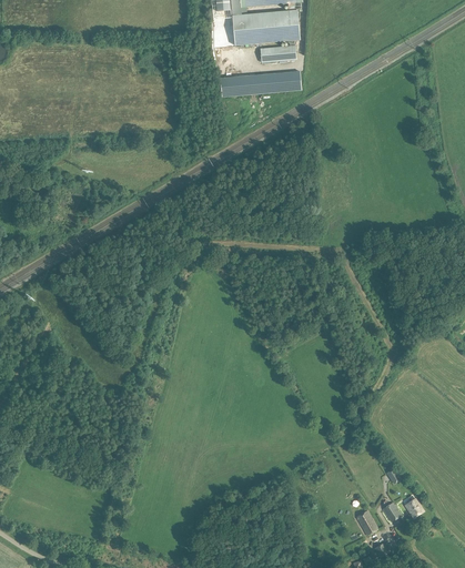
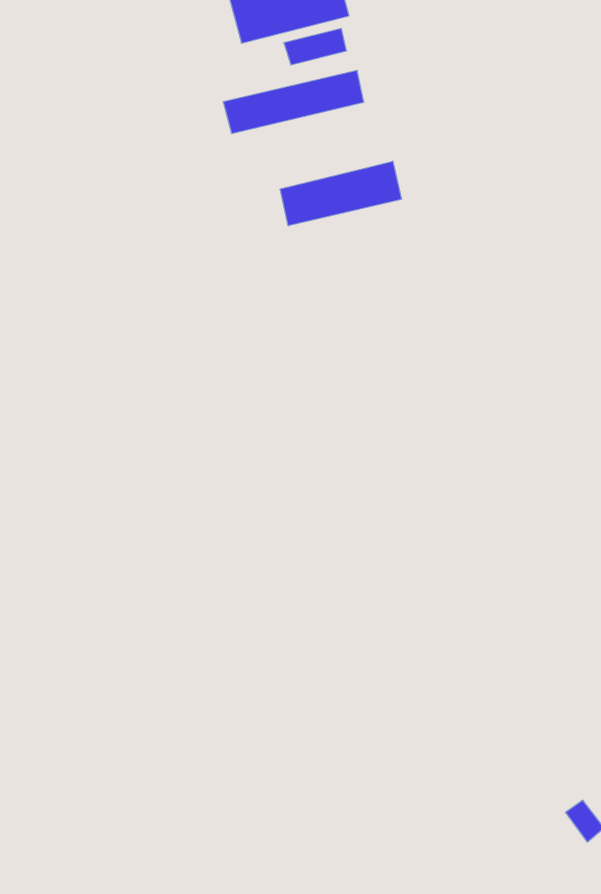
building: none -> [280,161,401,226]

